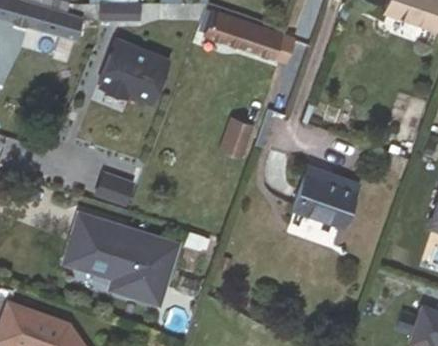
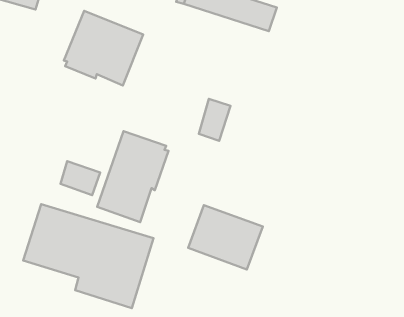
building: none -> [97,131,169,222]
building: [294,167,360,224] -> [188,205,263,269]

